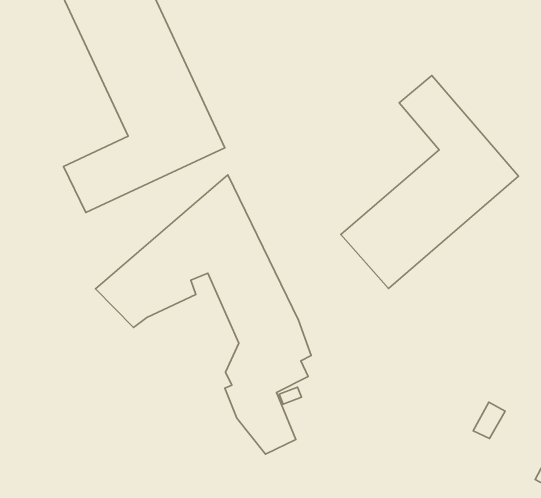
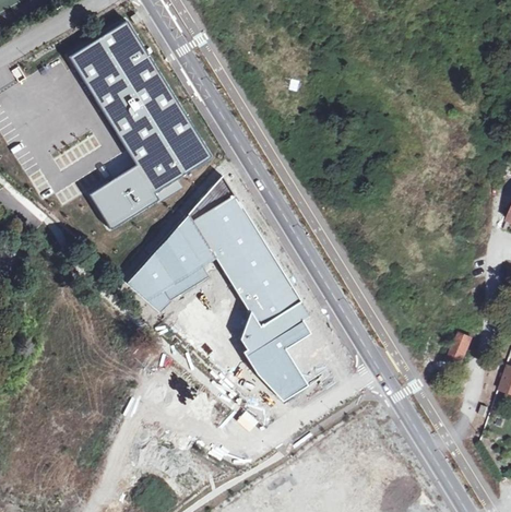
building: [341,76,518,288] -> none

